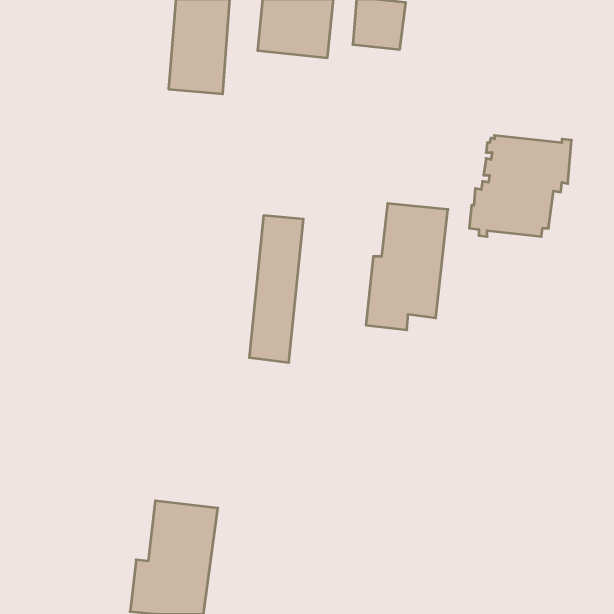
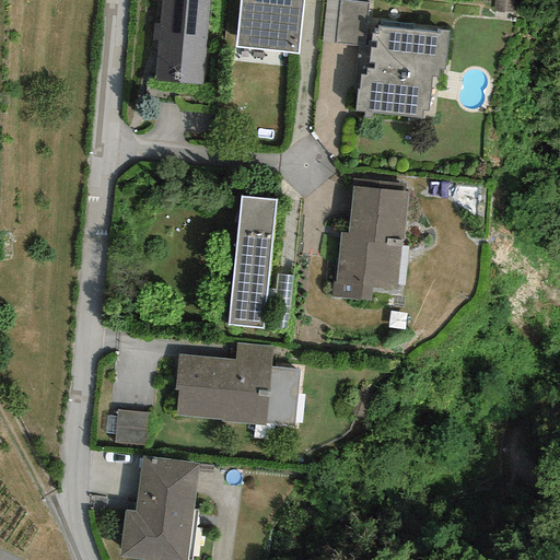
building: [469,135,572,237] -> [355,25,448,117]
building: none -> [175,341,300,424]
building: none -> [116,406,150,439]

